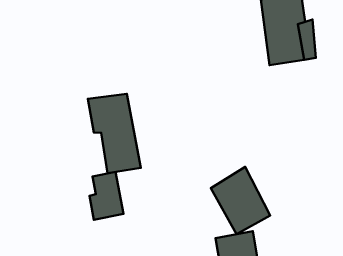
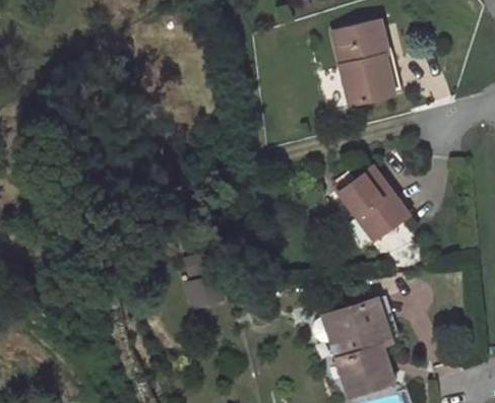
building: [88,94,141,173] -> none
building: [211,167,270,234] -> [350,155,424,236]

